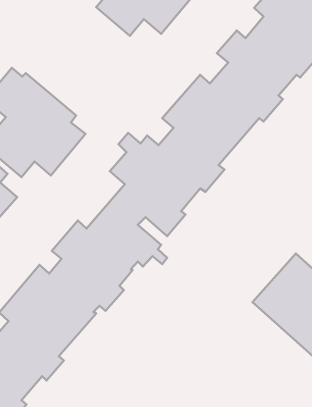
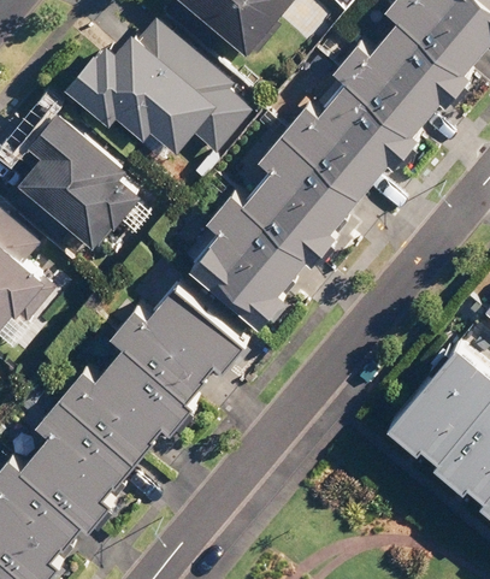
building: none -> [73,16,255,156]

